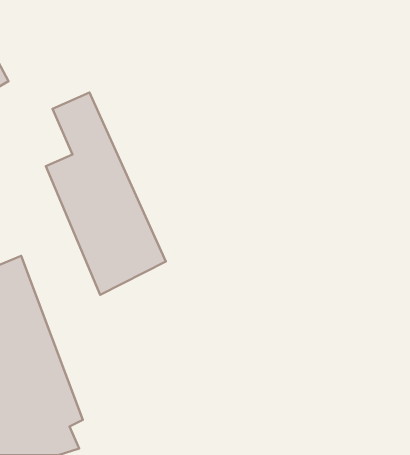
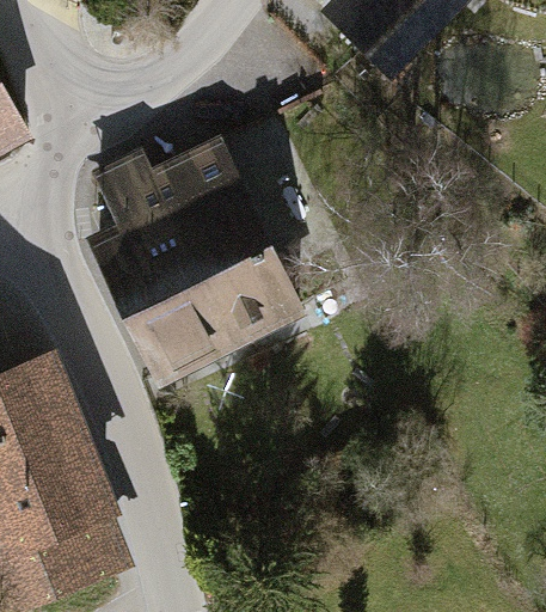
building: none -> [146,115,307,356]

